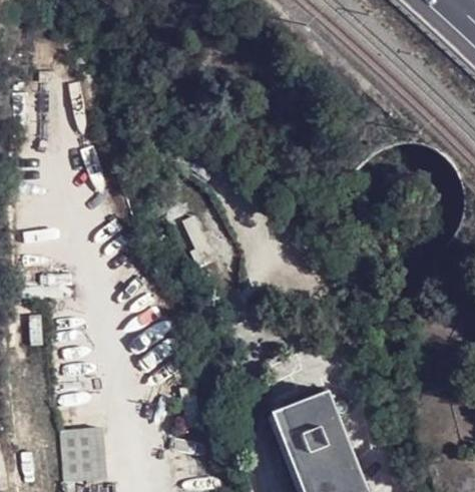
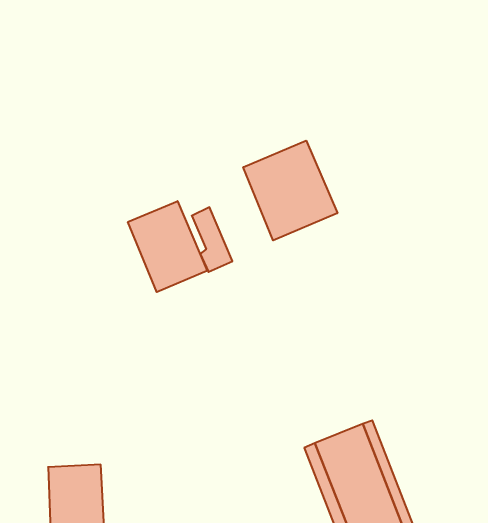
building: none -> [243,141,337,240]
building: none -> [128,201,207,292]

